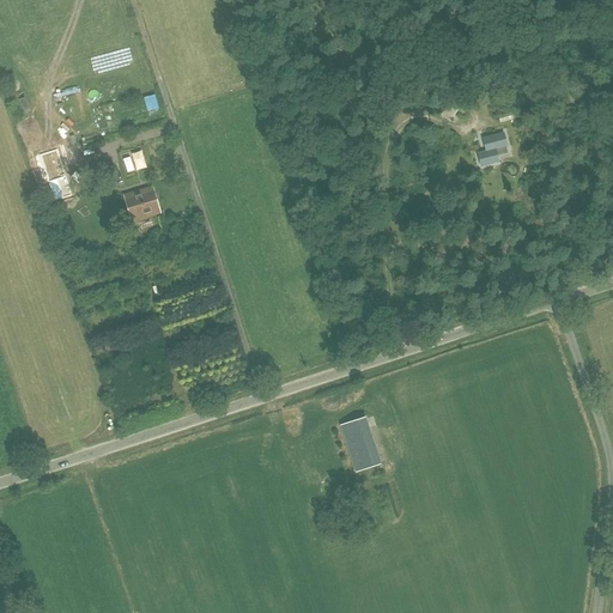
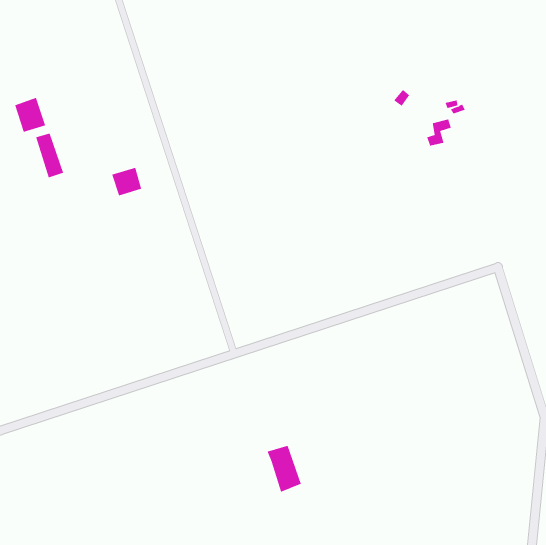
building: none -> [14,97,46,133]
building: [340,417,380,471] -> [267,445,302,493]

